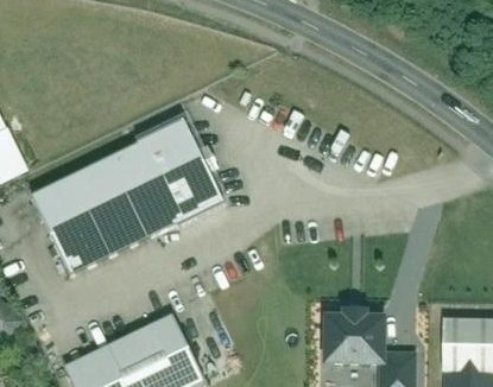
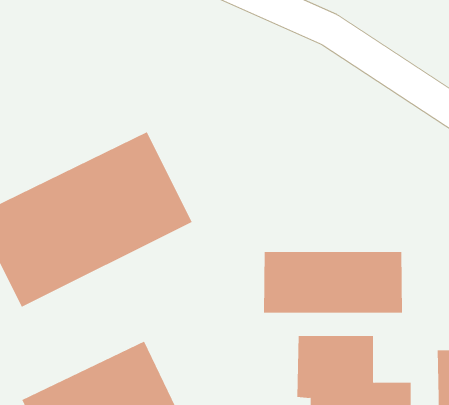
building: none -> [263,251,403,313]

